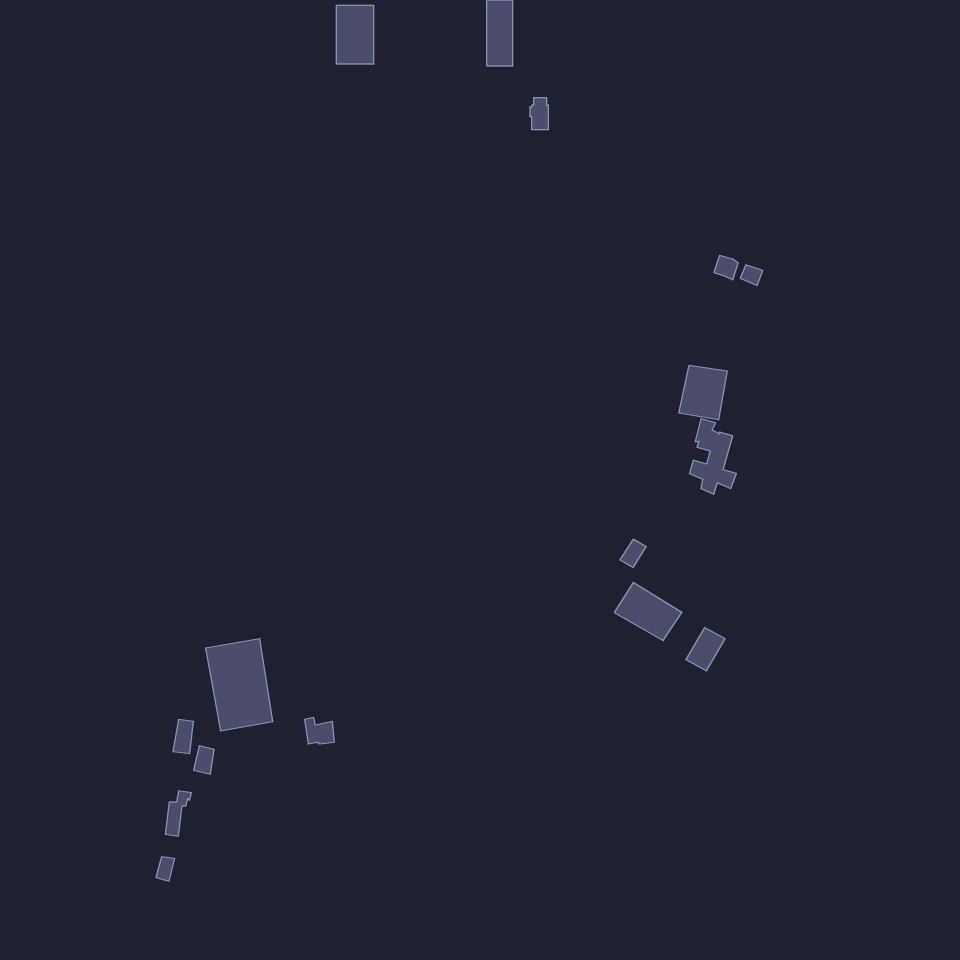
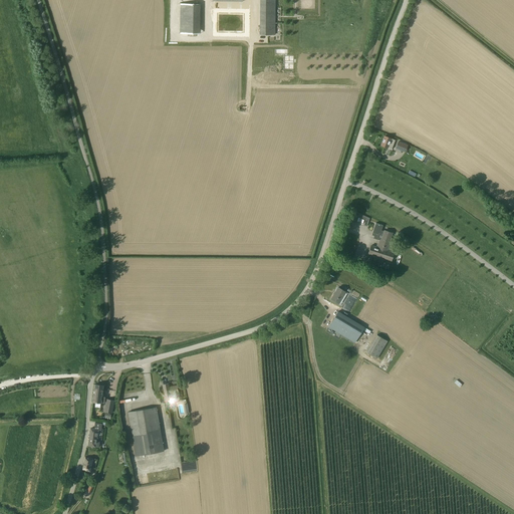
building: [679,365,727,420] -> none
building: [205,639,273,731] -> [127,407,164,456]

